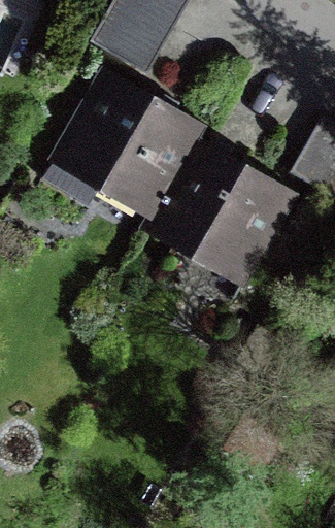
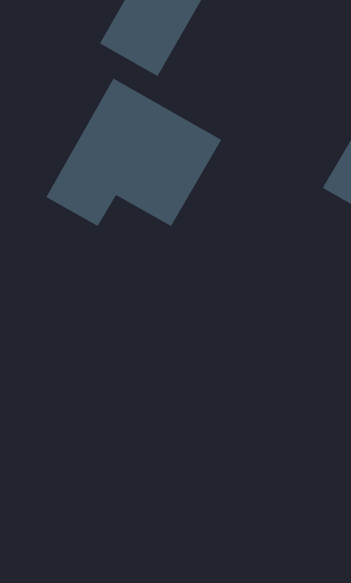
building: [156,127,299,274] -> none

